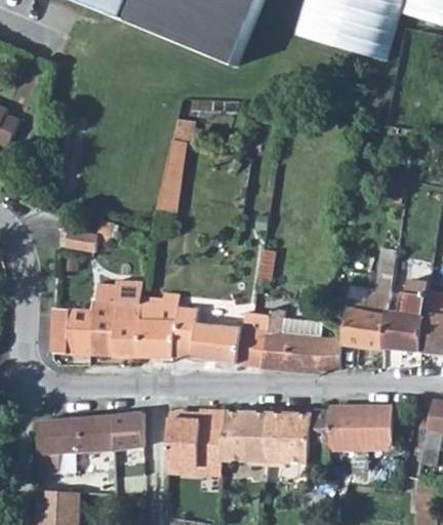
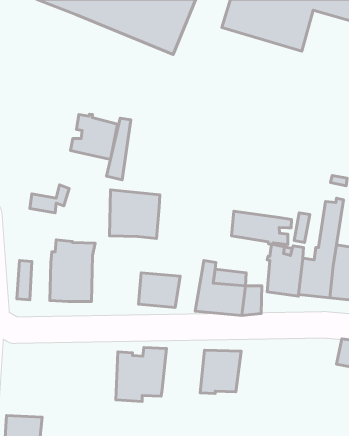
building: none -> [71,114,118,160]
building: none -> [231,211,292,245]
building: [138,301,198,359] -> [110,190,160,238]
building: [66,309,90,355] -> none
building: [237,312,270,367] -> none
building: [309,406,392,468] -> none
building: [222,411,272,463] -> none
building: [39,412,144,473] -> none

